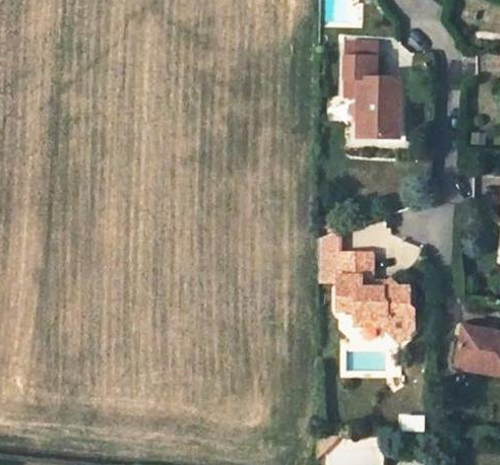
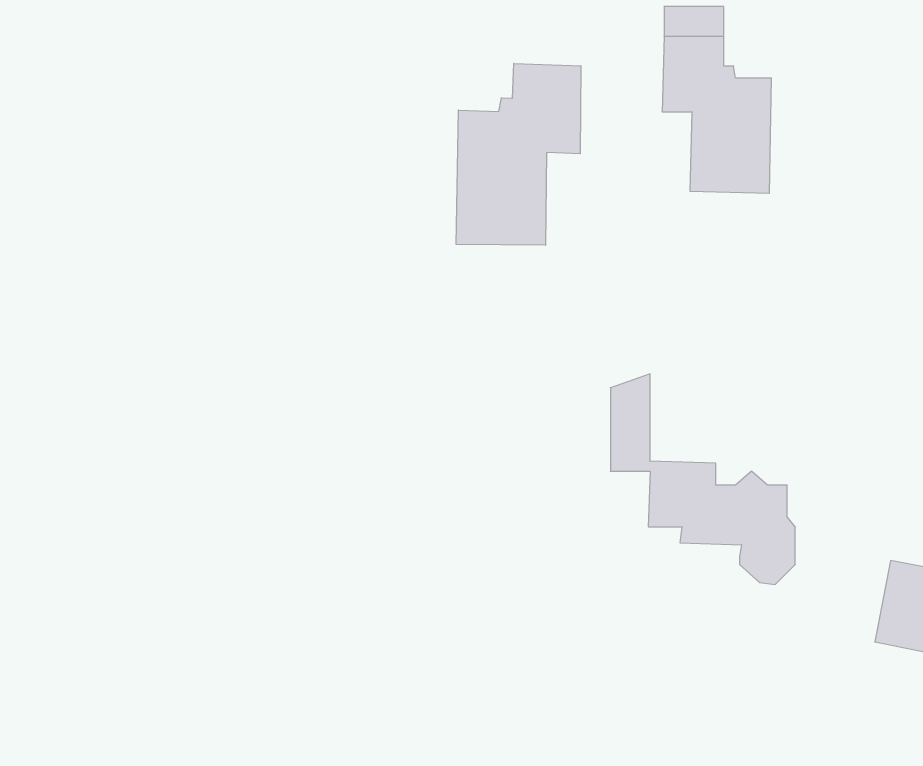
building: none -> [456,63,581,245]
building: [338,252,372,276] -> none

